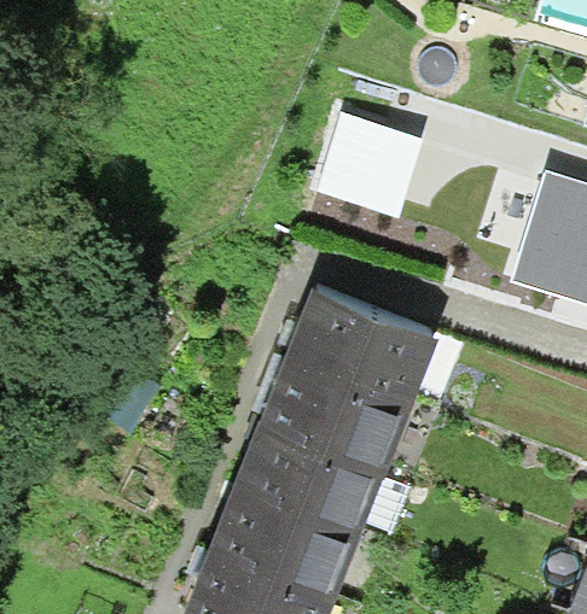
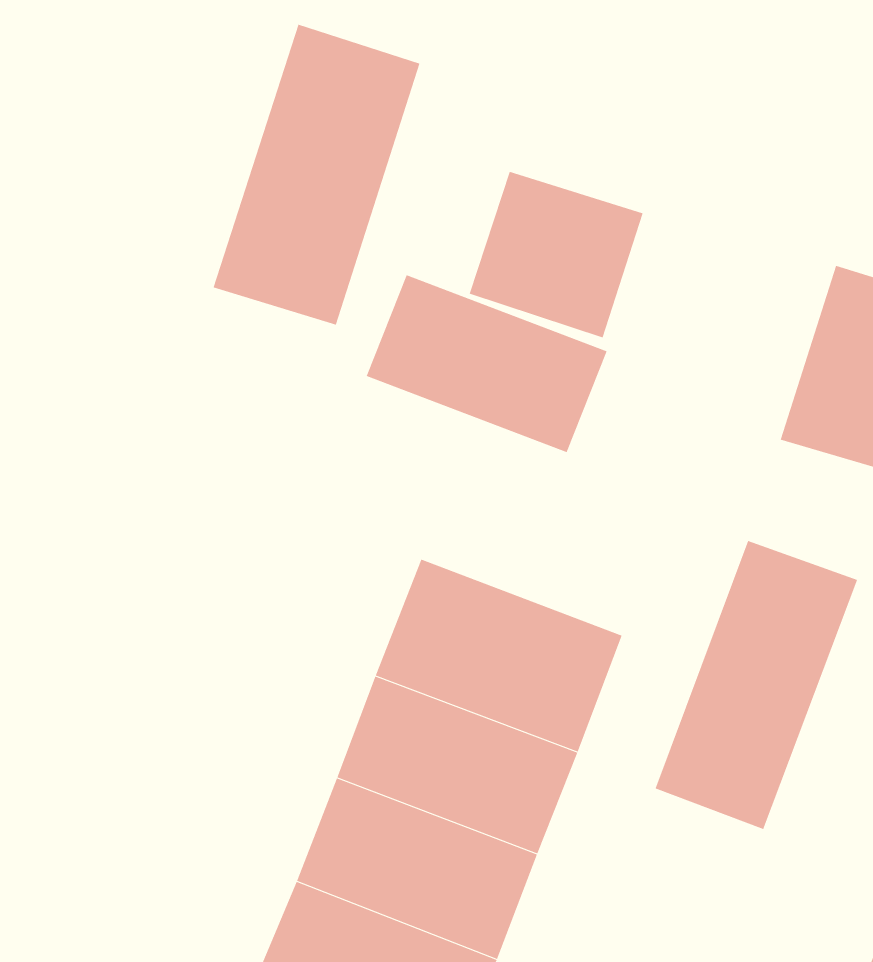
building: none -> [213,24,420,325]
building: [285,291,437,403] -> [366,274,607,453]
building: none -> [655,540,858,830]

